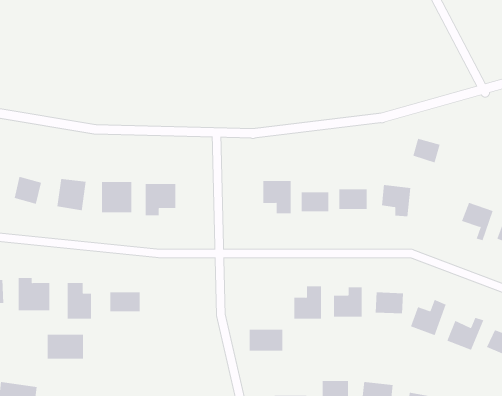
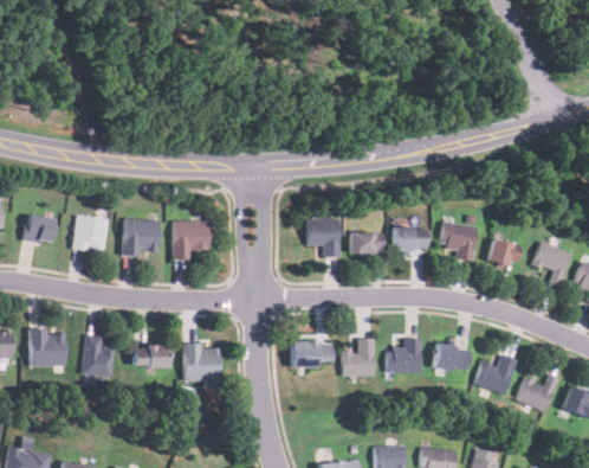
building: [412,138,440,163] -> [487,239,519,268]
building: none -> [185,346,219,380]
building: [249,329,283,351] -> [291,342,330,367]
building: [47,334,84,359] -> none

